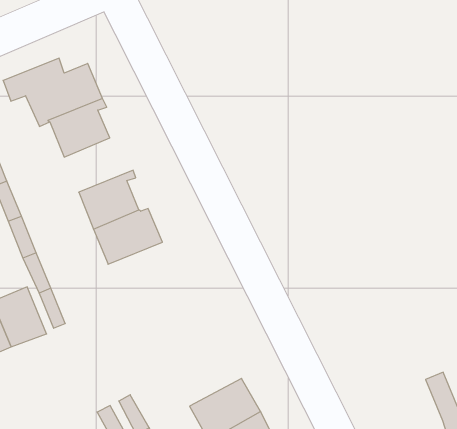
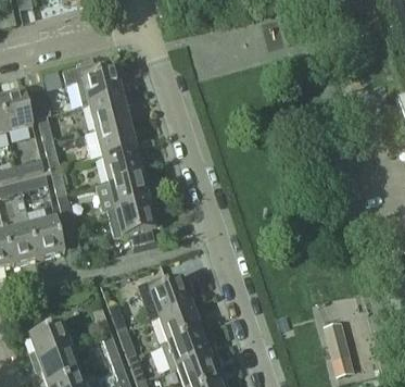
building: none -> [84,121,142,159]
building: none -> [107,199,162,246]
building: none -> [137,276,197,320]

